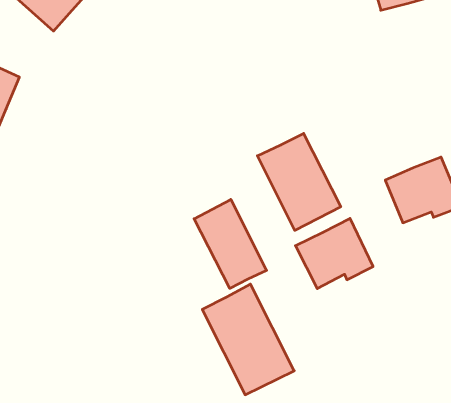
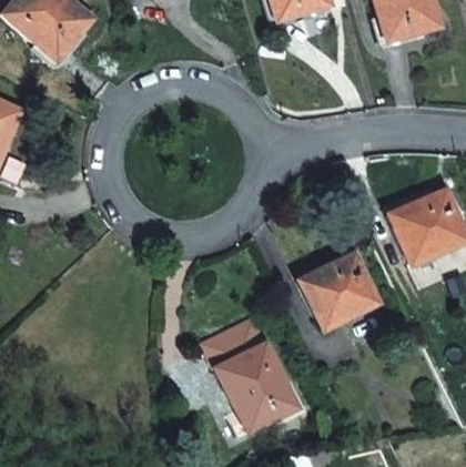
building: [257,133,341,230] -> none
building: [194,199,267,288] -> none

